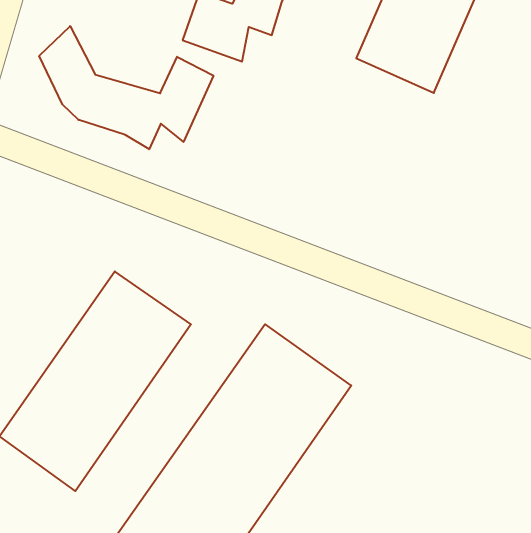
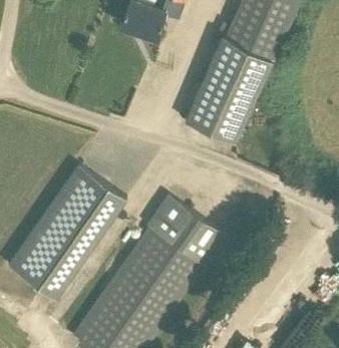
building: [39,26,213,149] -> none
building: none -> [185,38,270,144]

